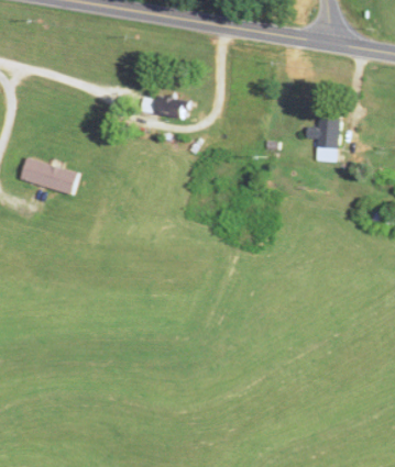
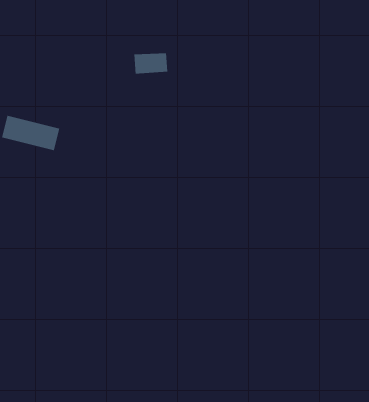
building: [314,112,340,162] -> none

